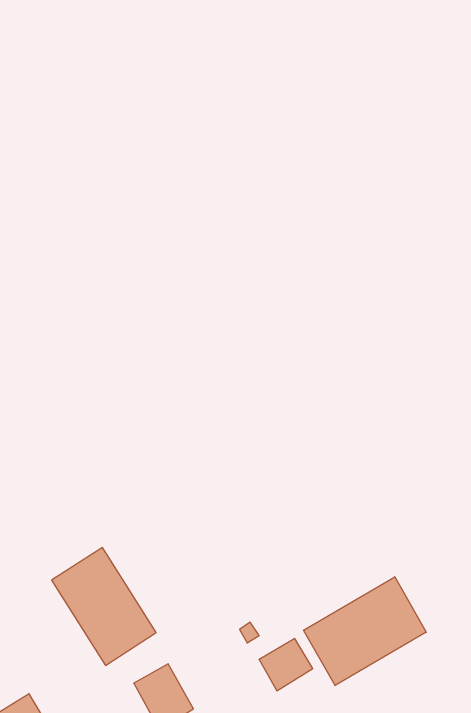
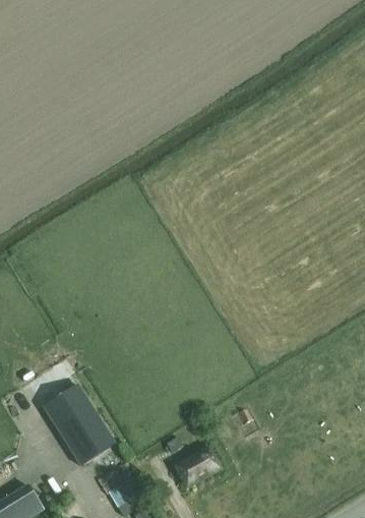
building: [304,577,426,686] -> none

